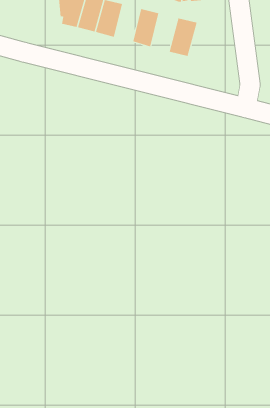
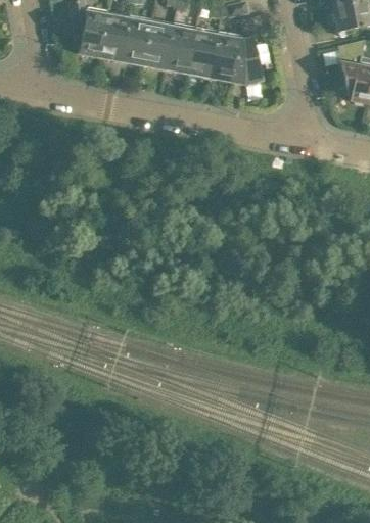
building: none -> [142,21,171,65]
building: none -> [231,26,261,84]
building: none -> [186,30,216,75]

